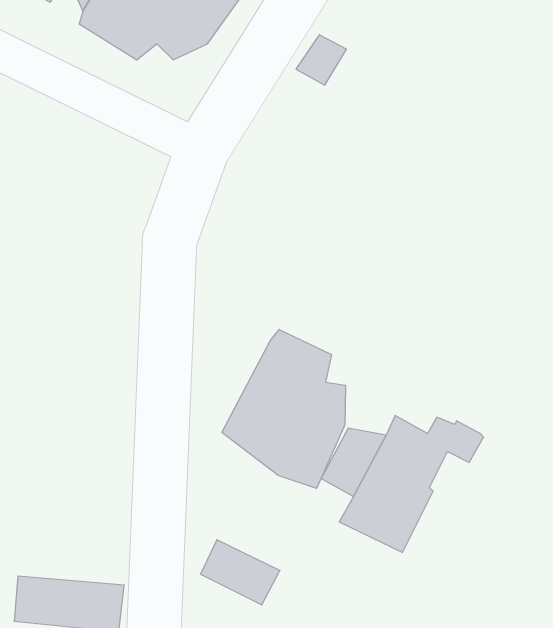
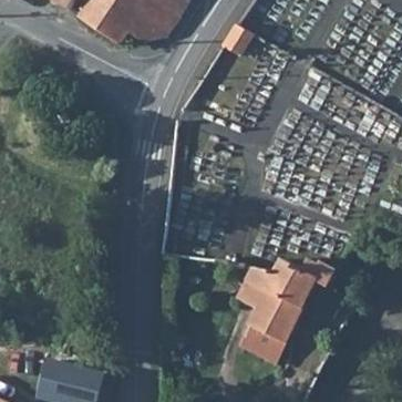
building: [222,329,345,489] -> none
building: [200,540,280,605] -> [234,328,282,368]

